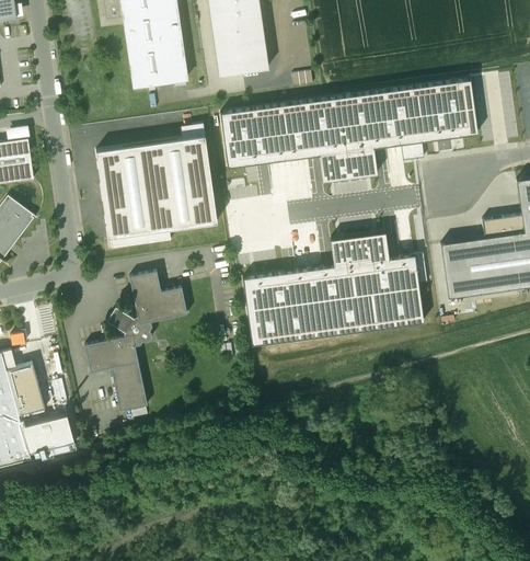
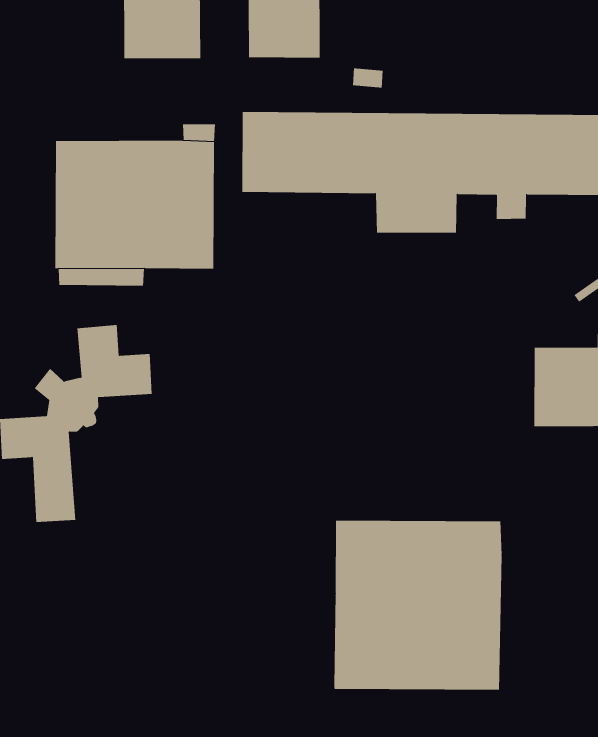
building: [243,231,427,345] -> none
building: none -> [334,520,502,690]

